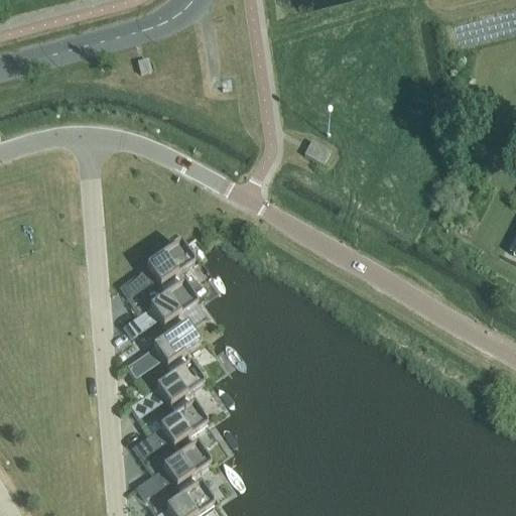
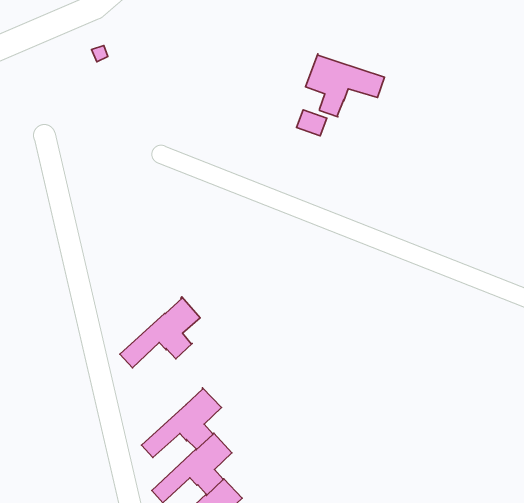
building: none -> [305,54,384,117]
building: [119,244,192,298] -> none
building: [126,325,199,379] -> none

